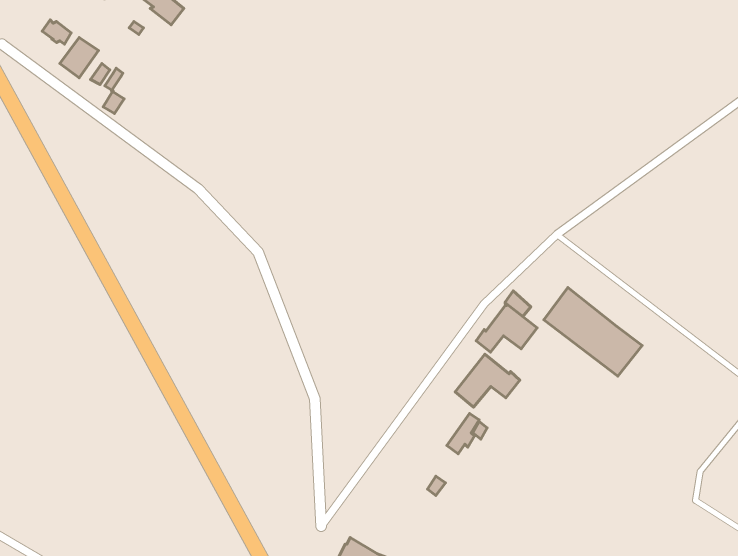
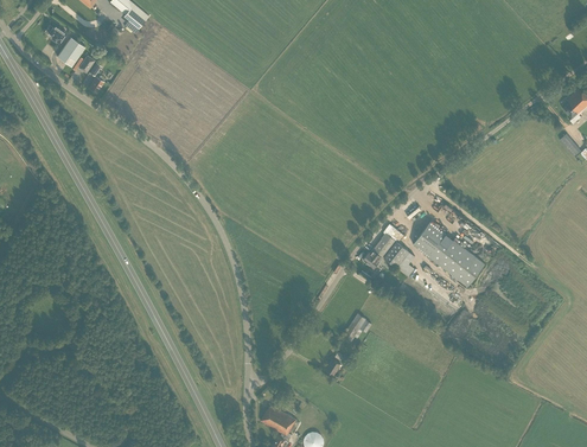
building: [455,354,520,407] -> none

